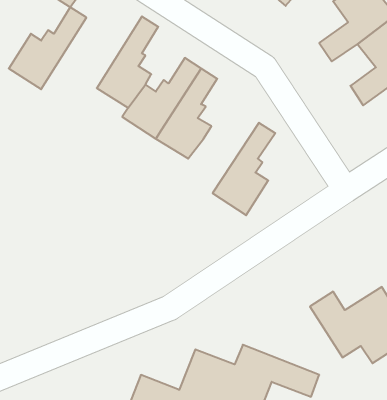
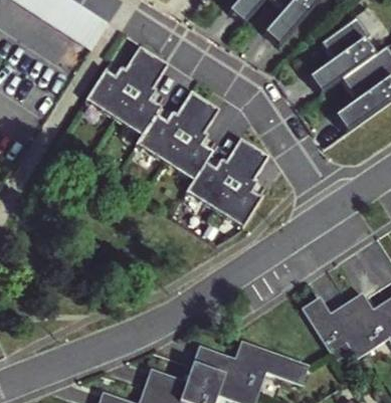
building: [9,7,86,89] -> [86,47,154,119]
building: none -> [187,140,255,210]

